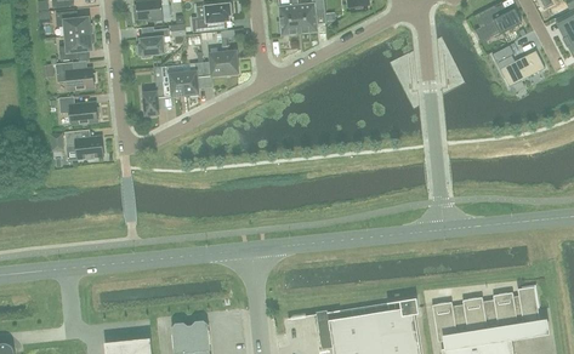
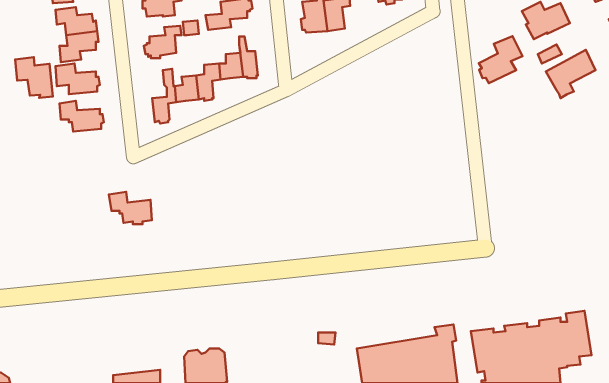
building: none -> [479,36,523,83]
building: none -> [15,57,53,98]
building: [63,130,102,159] -> [109,192,152,224]

